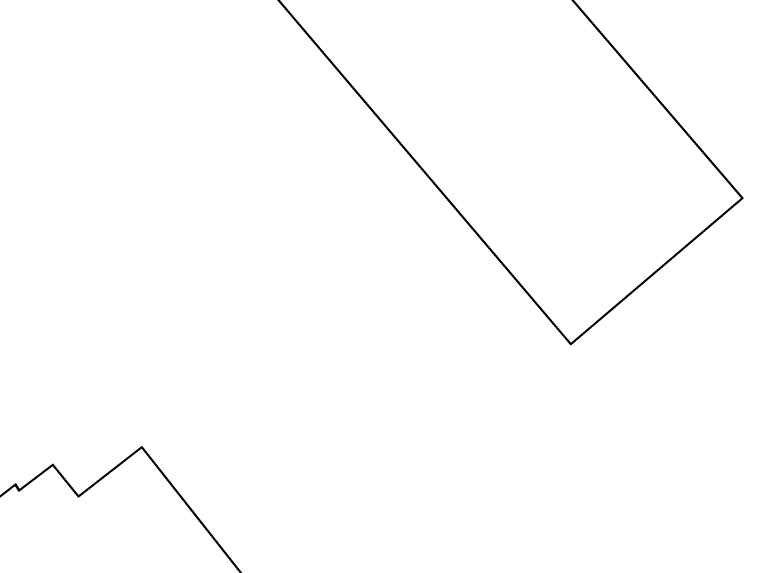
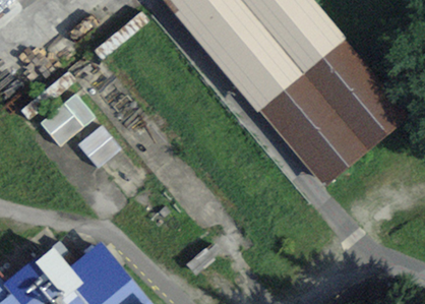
building: none -> [42,88,99,144]
building: none -> [81,121,122,162]

